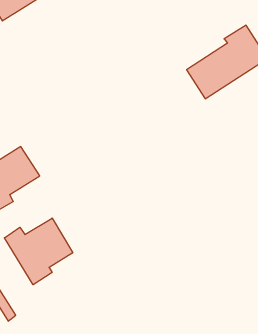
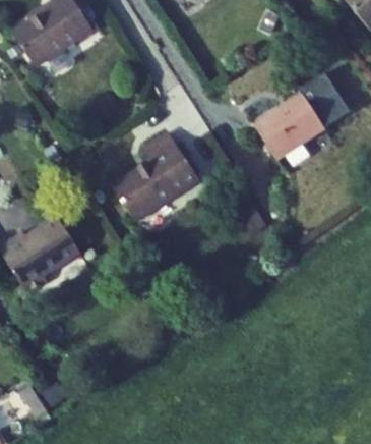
building: none -> [111,130,199,221]
building: [4,218,73,285] -> none

